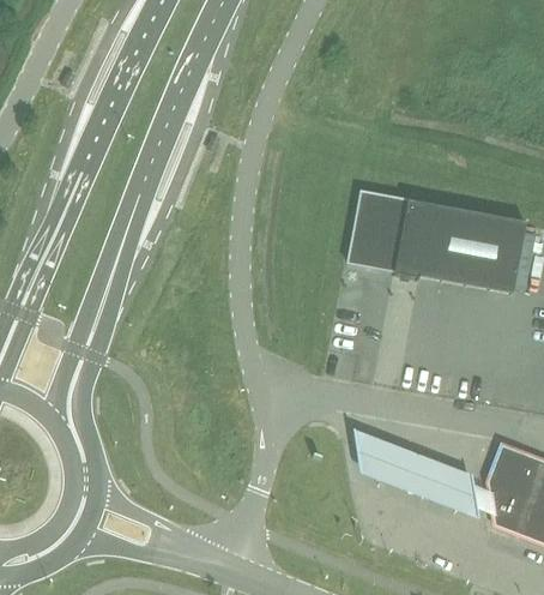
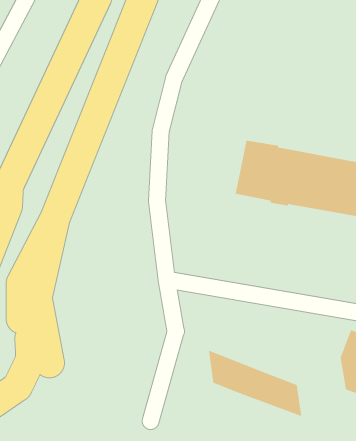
building: [355,428,480,518] -> [208,350,302,417]

